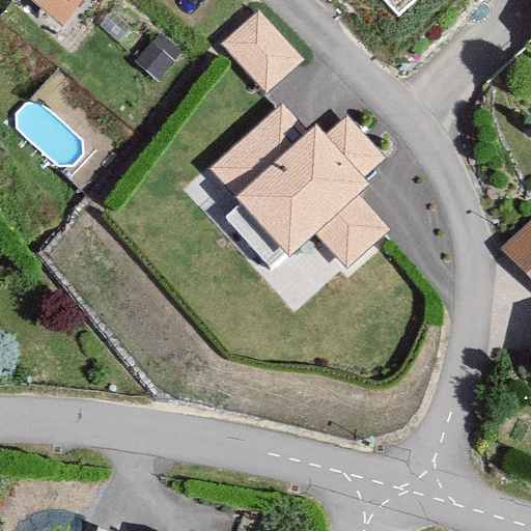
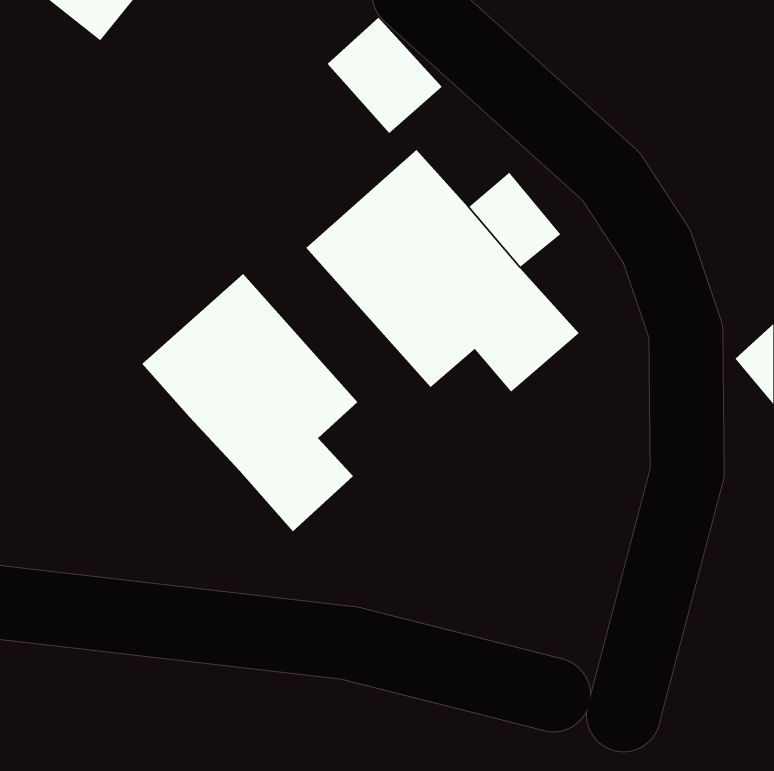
building: none -> [142,273,358,532]

